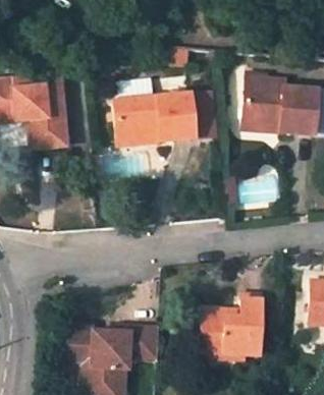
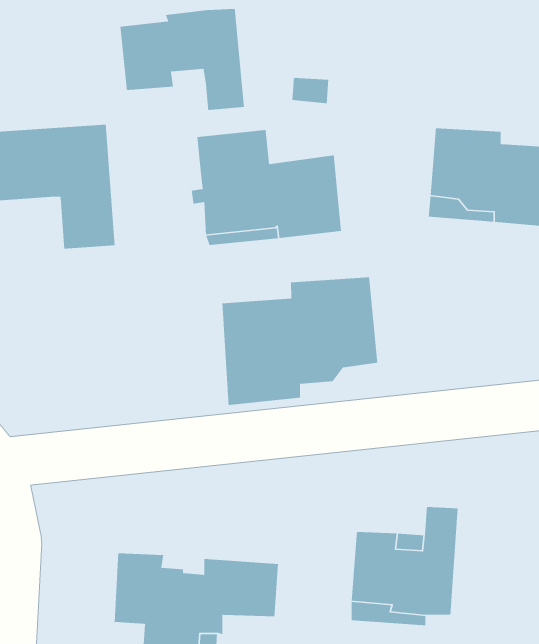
building: none -> [119,8,245,111]
building: none -> [221,276,378,406]

